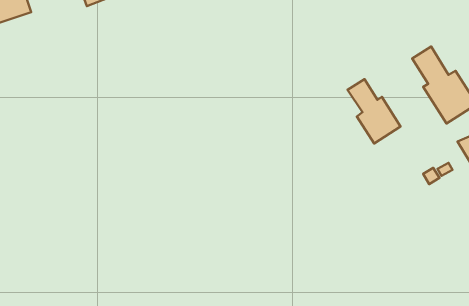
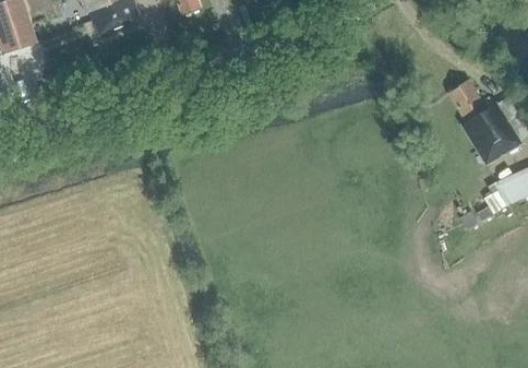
building: [348,79,401,144] -> none

